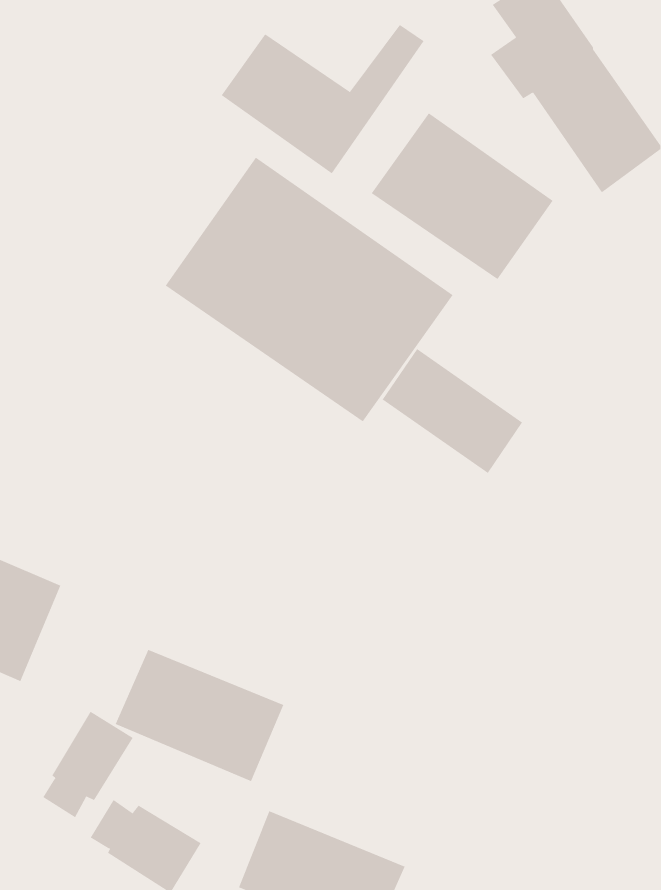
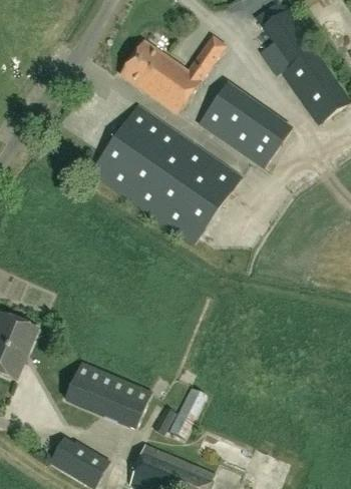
building: [382,348,523,474] -> none
building: none -> [168,387,206,438]
building: [43,711,134,818] -> none

